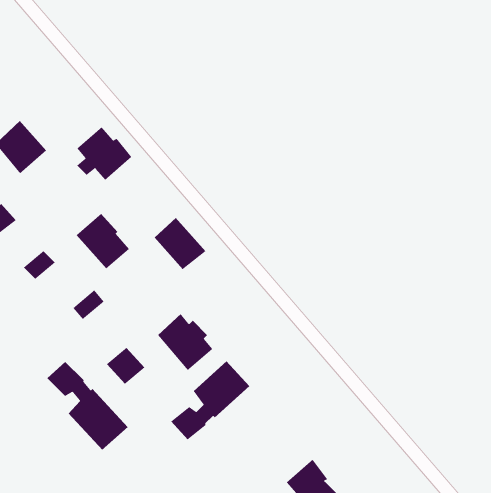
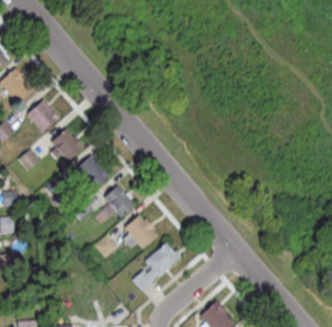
building: [76,126,132,181] -> [50,129,84,161]
building: [154,217,206,270] -> [104,186,135,217]
building: [46,361,128,451] -> none

